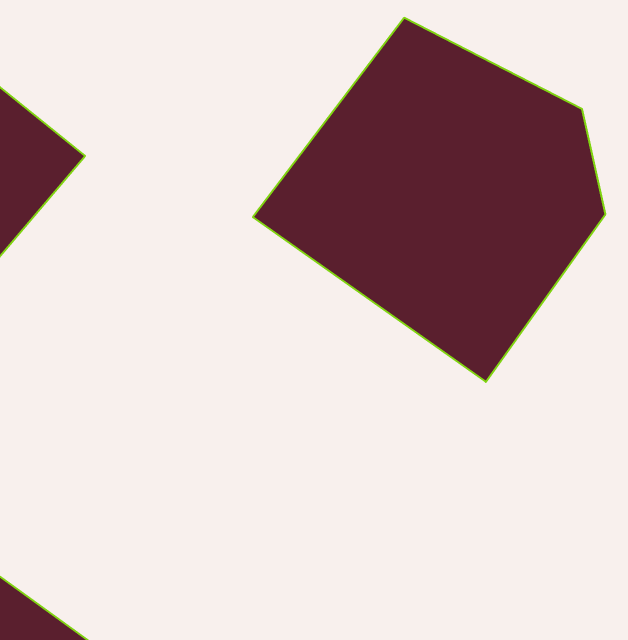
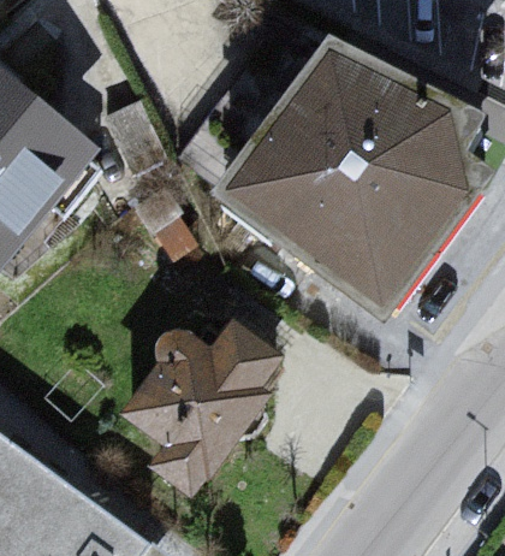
building: none -> [118,313,281,497]

